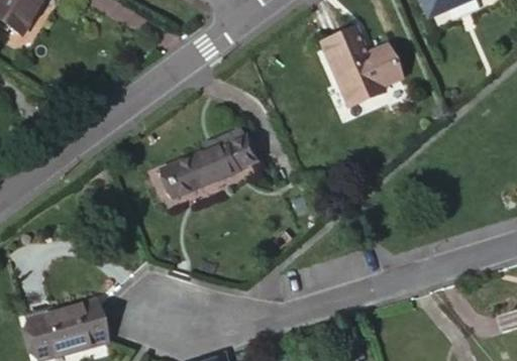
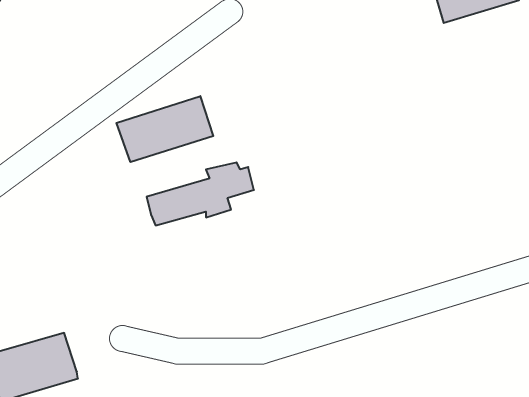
building: [321,34,394,112] -> none
building: none -> [116,96,213,162]

